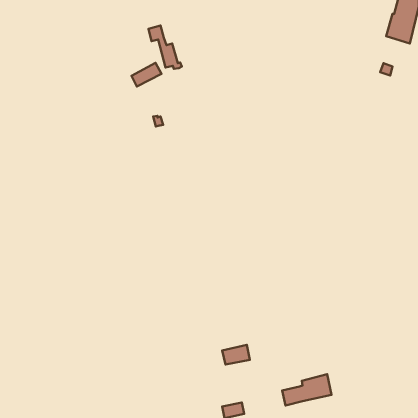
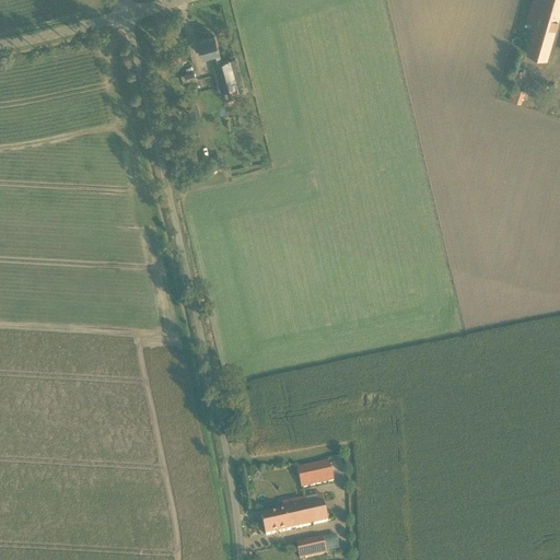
building: [131,63,161,87] -> none
building: [282,374,331,405] -> [262,492,328,534]

